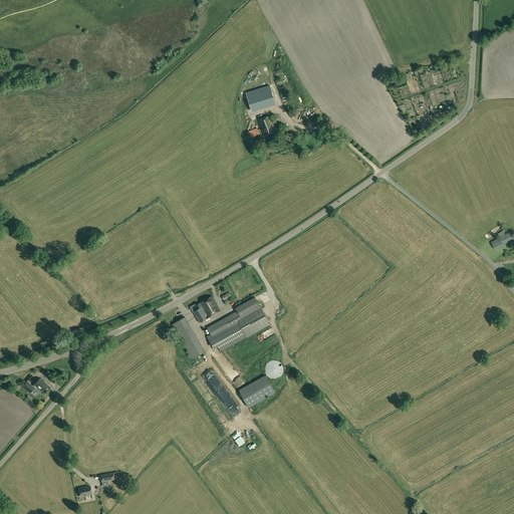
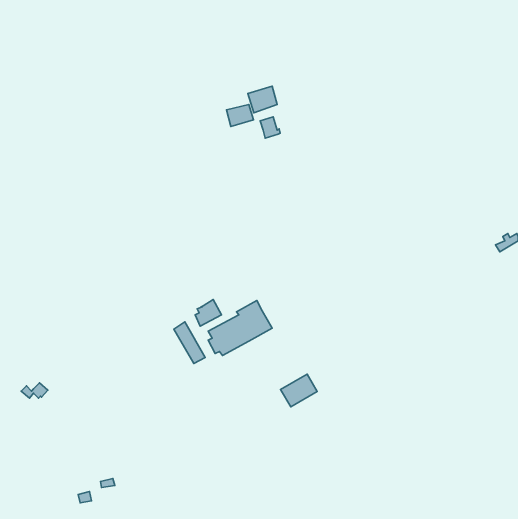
building: none -> [226,105,253,126]
building: [238,375,274,408] -> [281,374,317,407]

